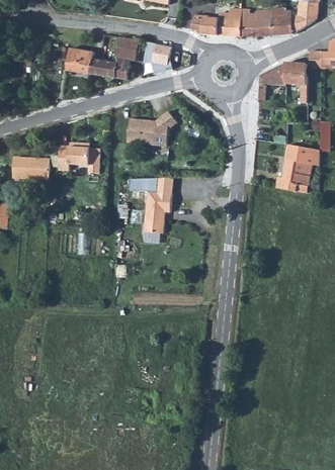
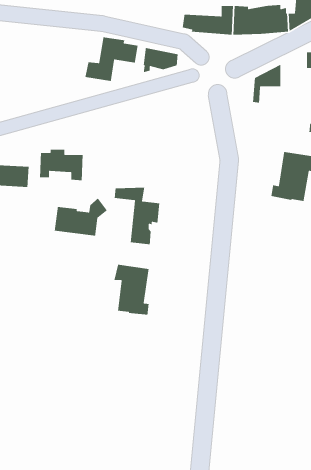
building: [66,49,103,76] -> none
building: [284,62,307,103] -> none
building: [125,110,176,147] -> [54,198,108,237]
building: none -> [114,264,150,315]

